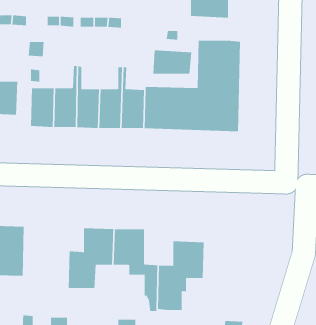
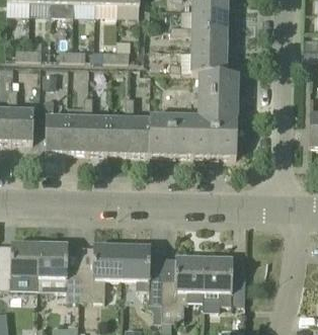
building: [153,50,192,74] -> [190,49,227,71]
building: none -> [38,242,80,299]
building: none -> [203,256,245,310]

